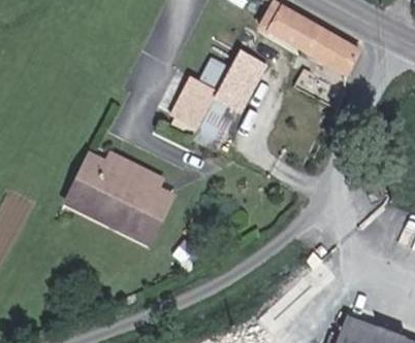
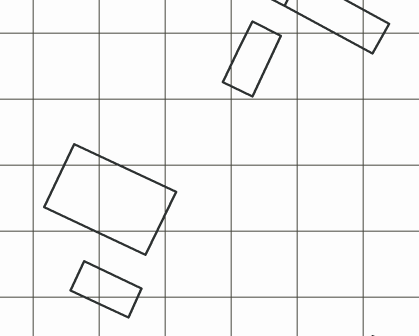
building: [182,57,242,139] -> none
building: none -> [70,261,142,317]

